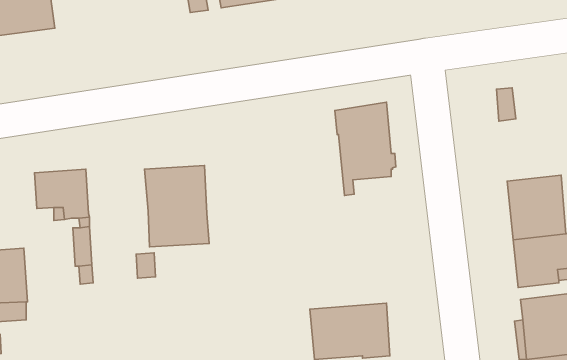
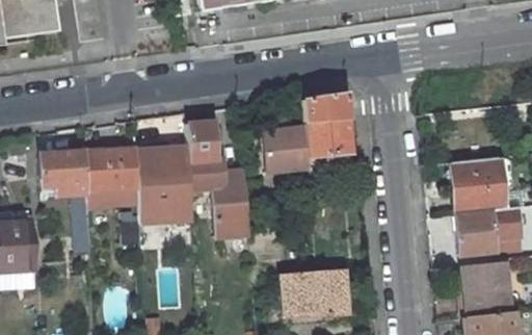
building: none -> [186,124,250,238]
building: none -> [262,127,308,172]
building: none -> [85,149,139,190]

